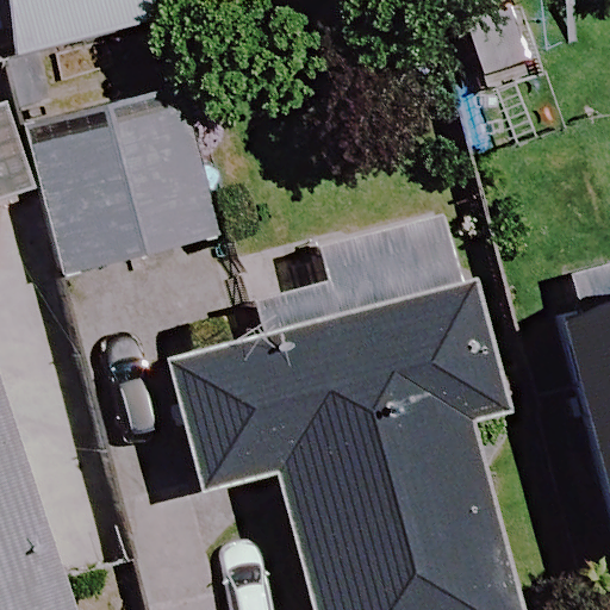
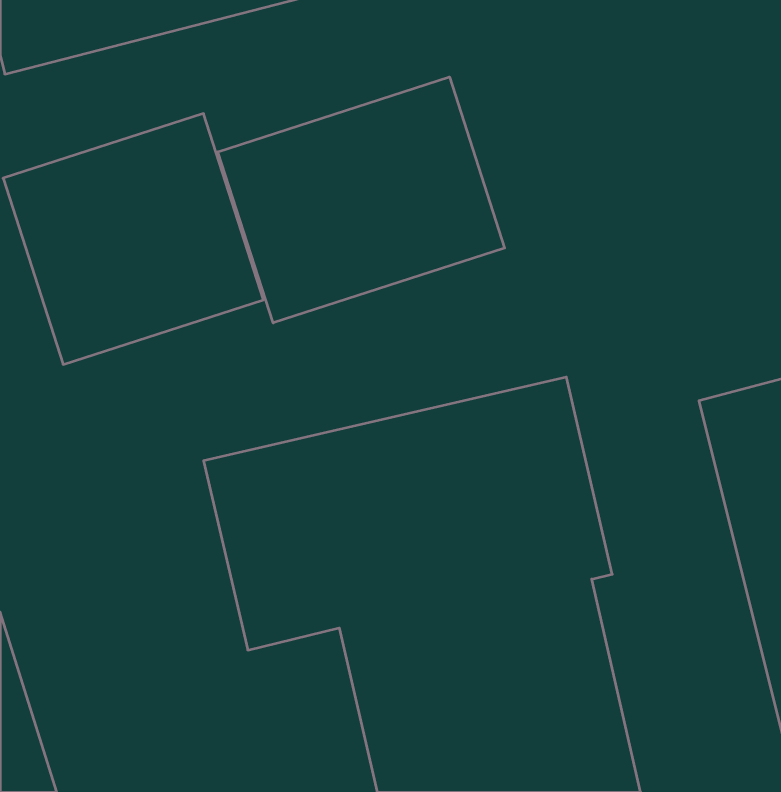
building: none -> [218,77,505,323]

